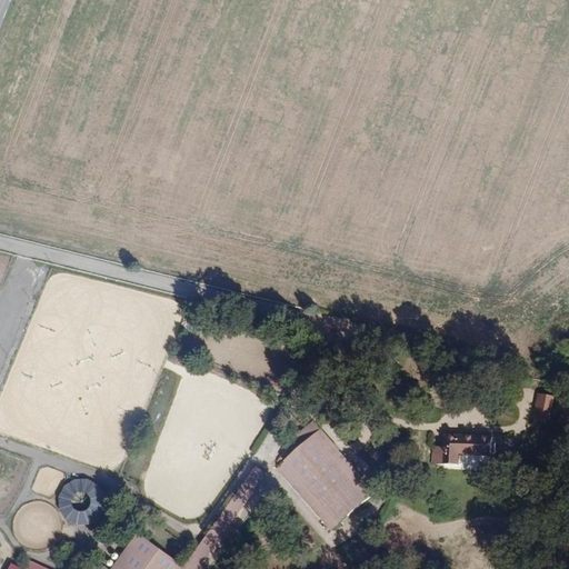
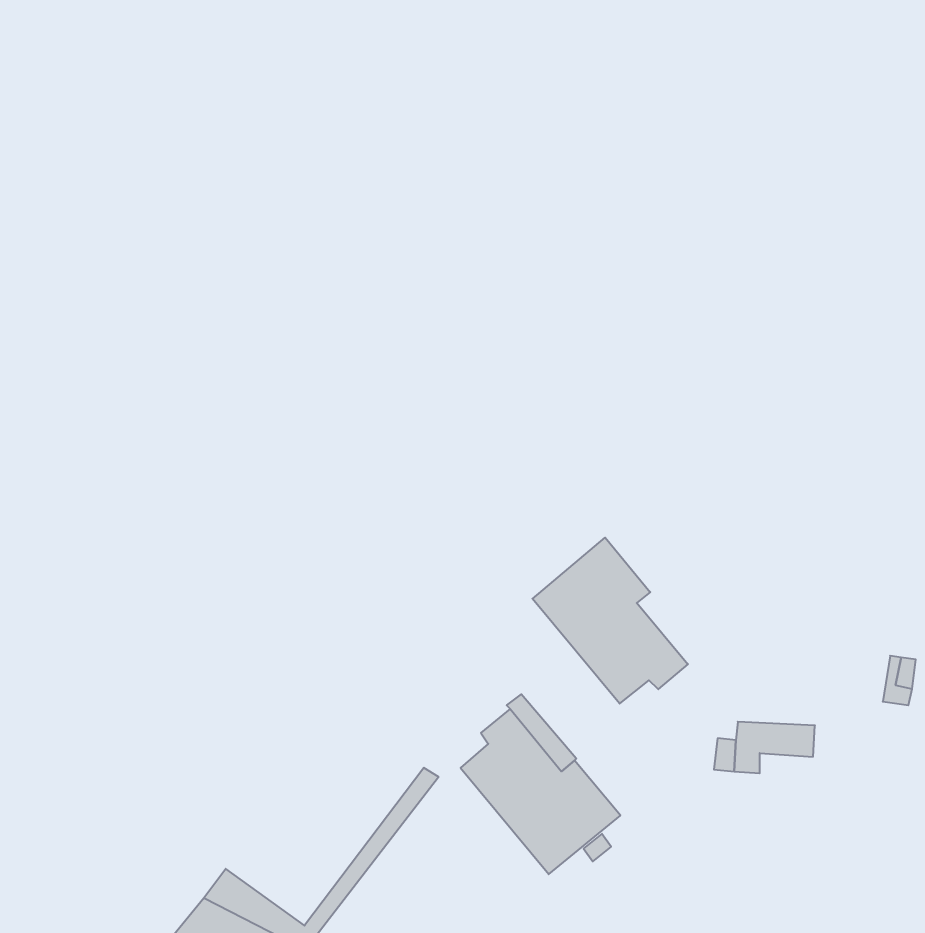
building: none -> [532,538,688,704]
building: [52,486,93,527] -> none

